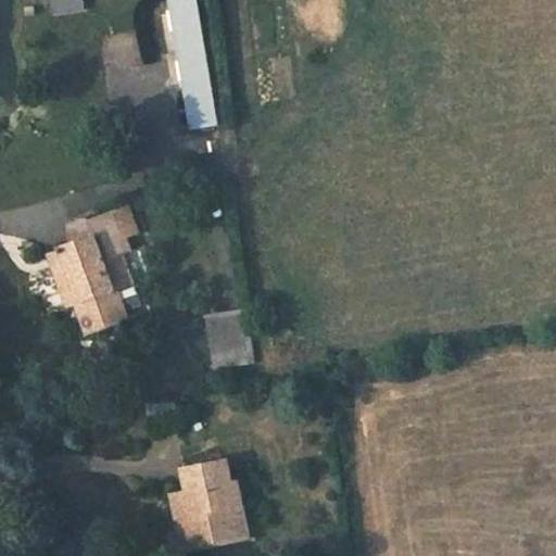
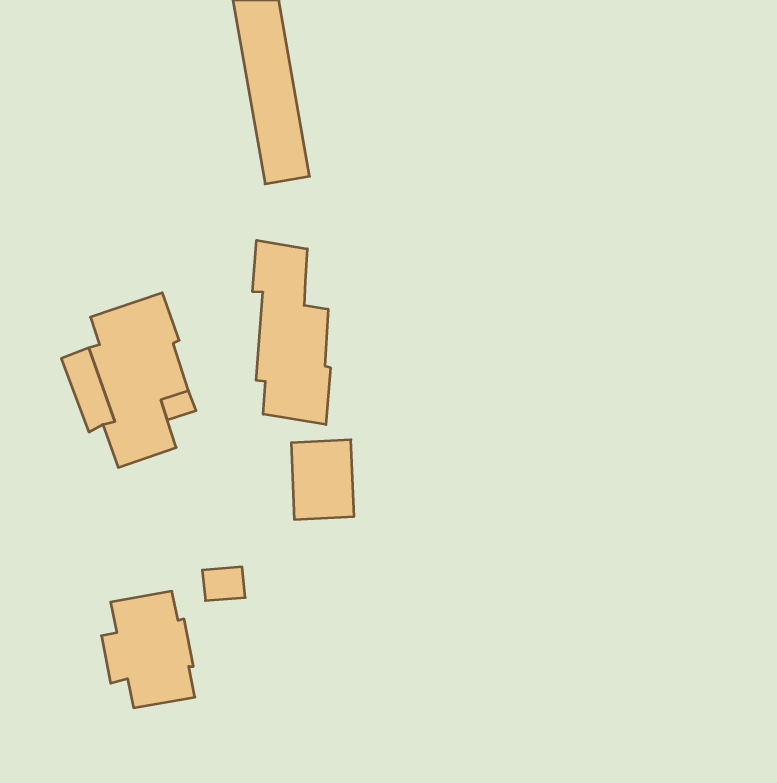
building: none -> [253,240,330,425]
building: [174,460,240,543] -> [101,591,195,708]

